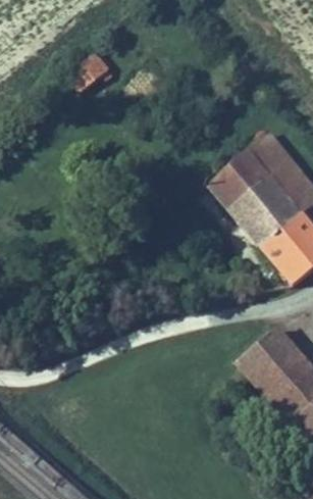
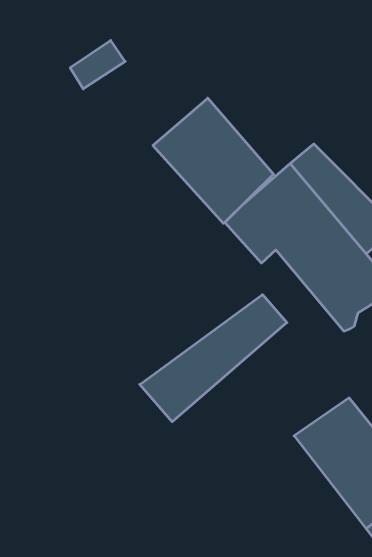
building: none -> [153,98,274,223]
building: none -> [140,295,287,422]

